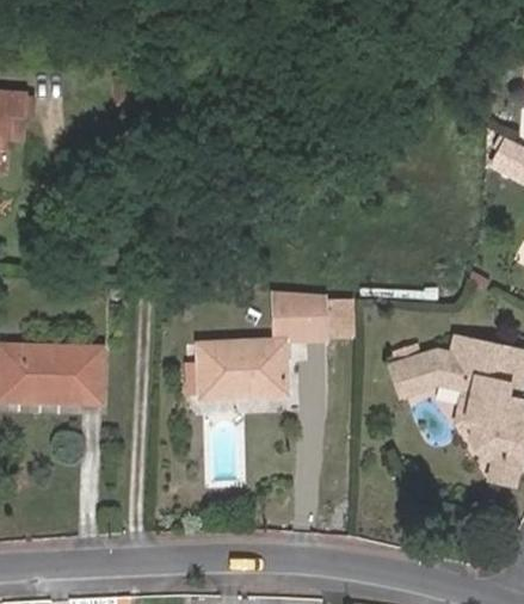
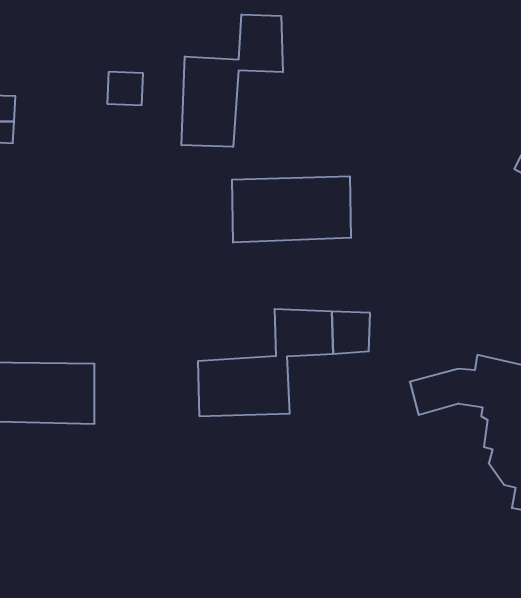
building: none -> [182,14,283,147]
building: none -> [232,176,351,243]

